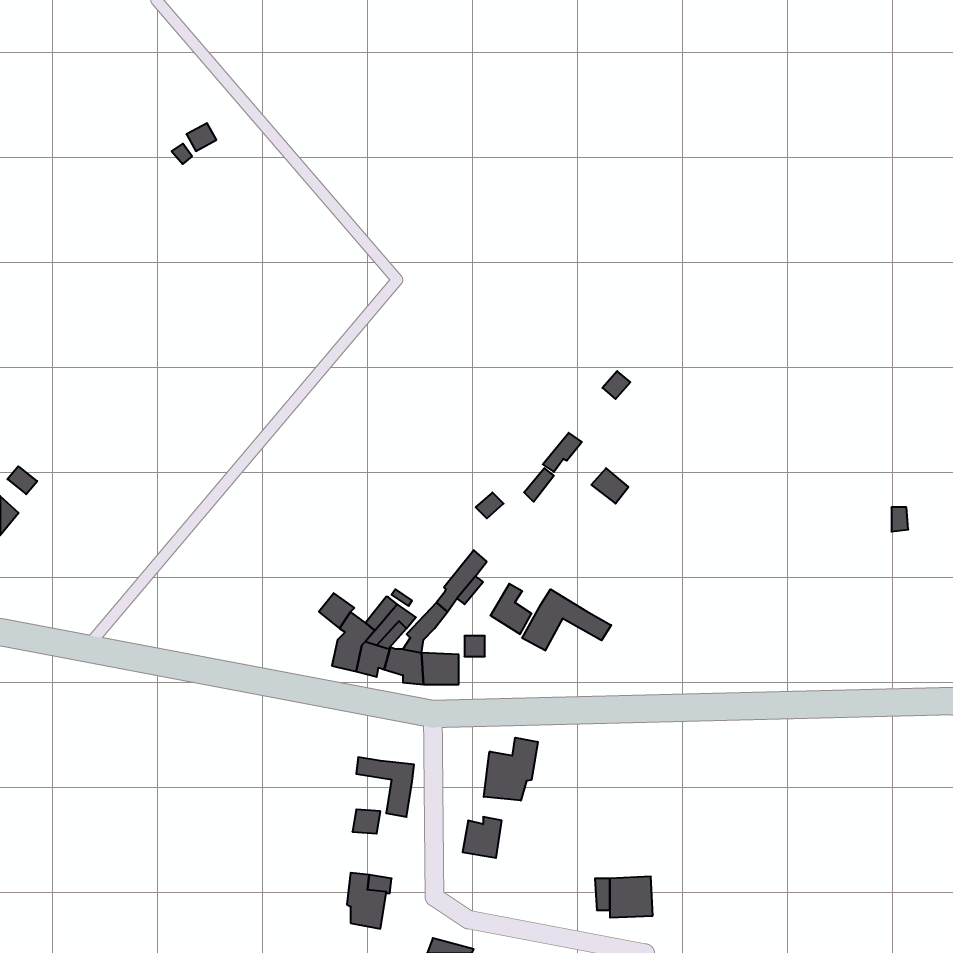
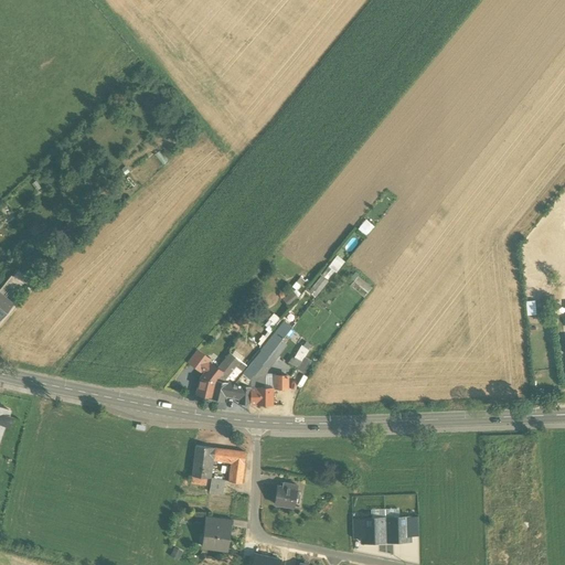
building: [522,589,611,651] -> none
building: [484,738,538,801] -> none
building: none -> [192,446,212,478]
building: none -> [385,518,411,542]

